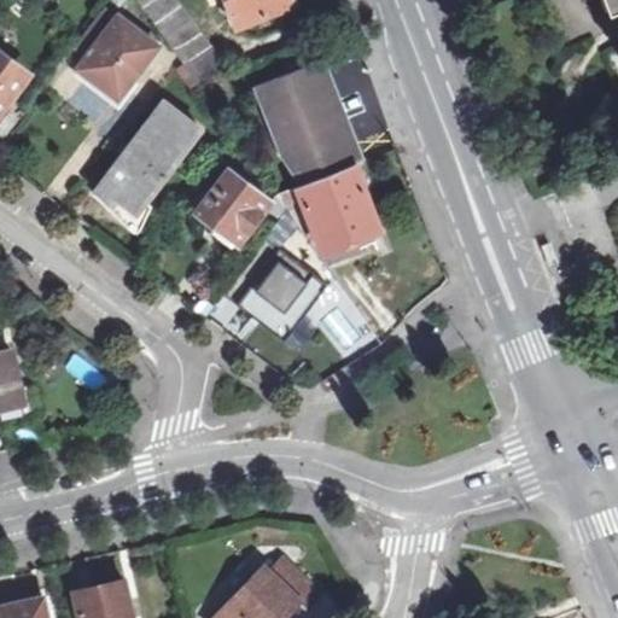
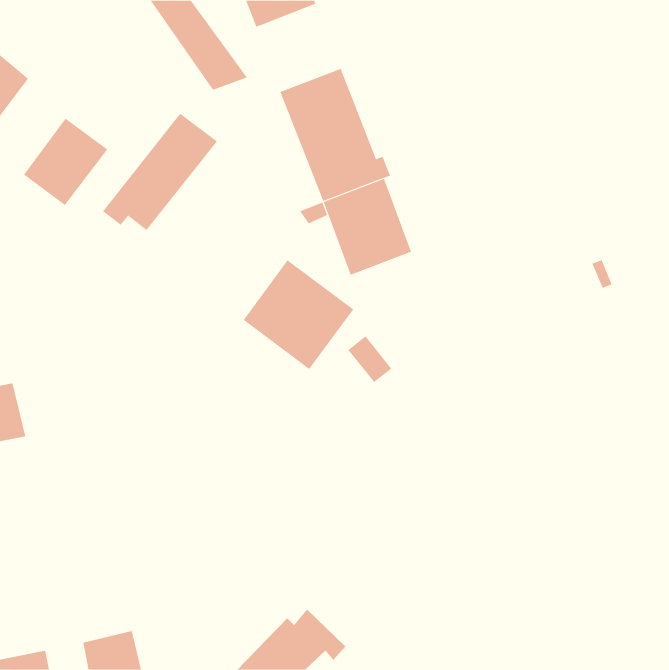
building: [81,17,159,98] -> [23,118,108,206]
building: [198,169,272,246] -> none

